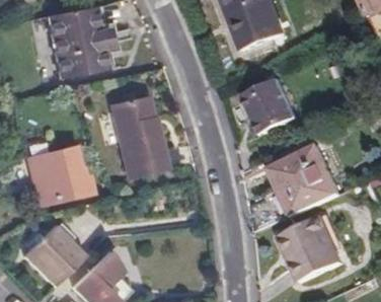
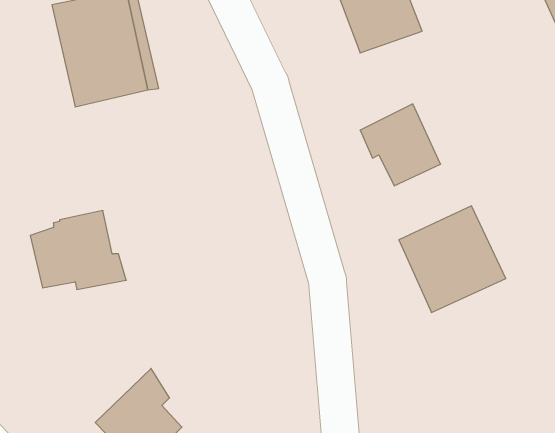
building: [110,98,168,178] -> none
building: [283,217,344,282] -> none
building: [24,227,85,286] -> none

